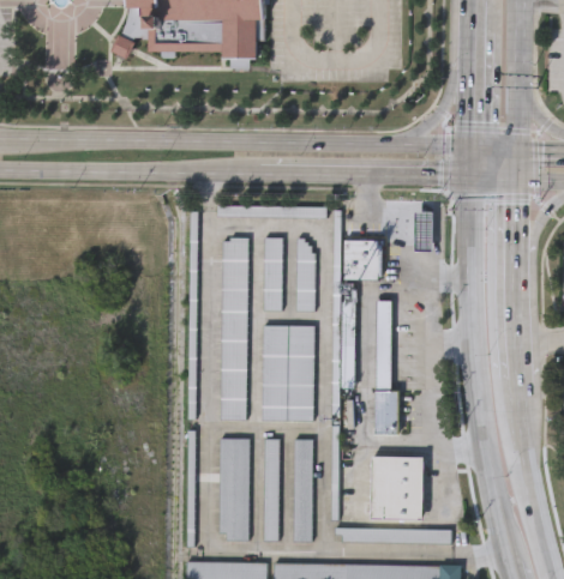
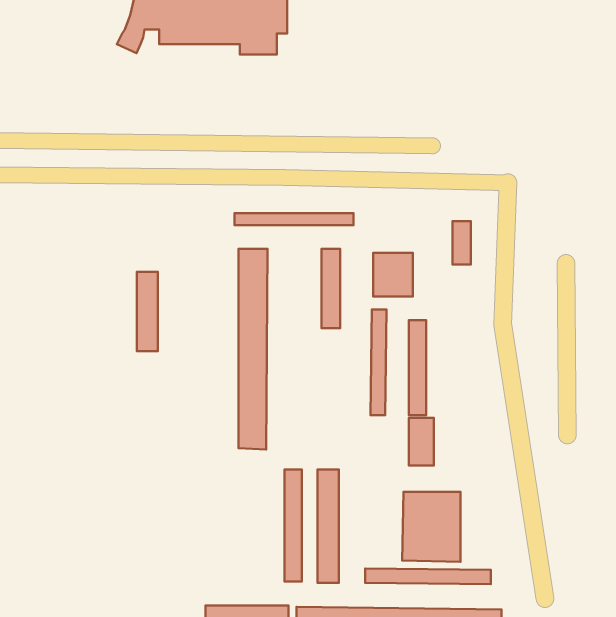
building: [263,237,282,309] -> [137,272,158,351]
building: [262,325,313,420] -> none
building: [220,438,248,539] -> none

